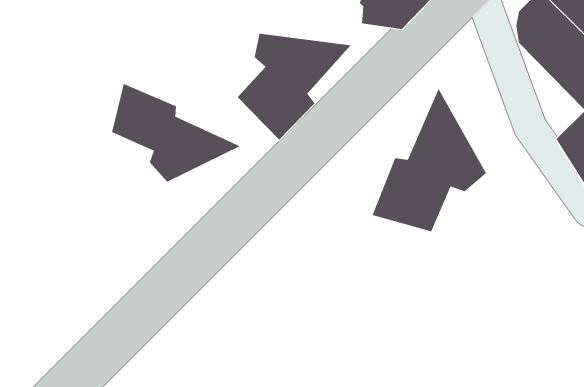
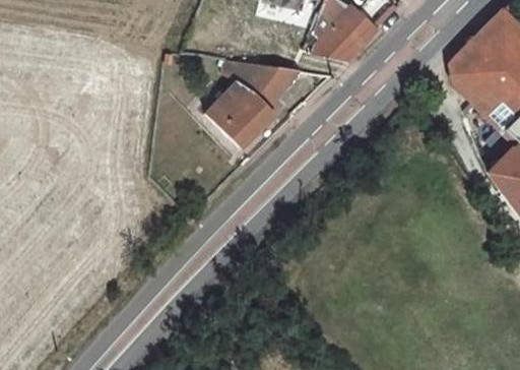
building: [112,83,241,182] -> none
building: [372,88,487,232] -> none

